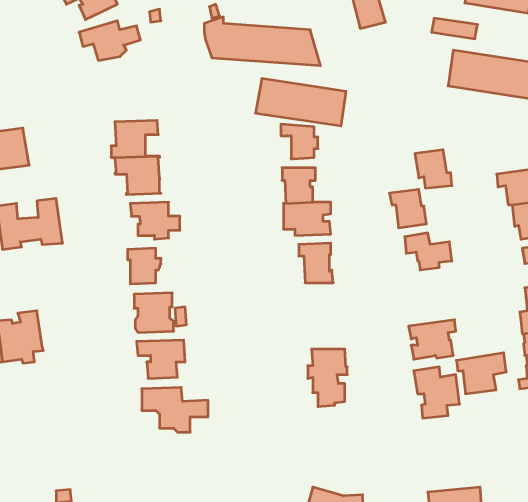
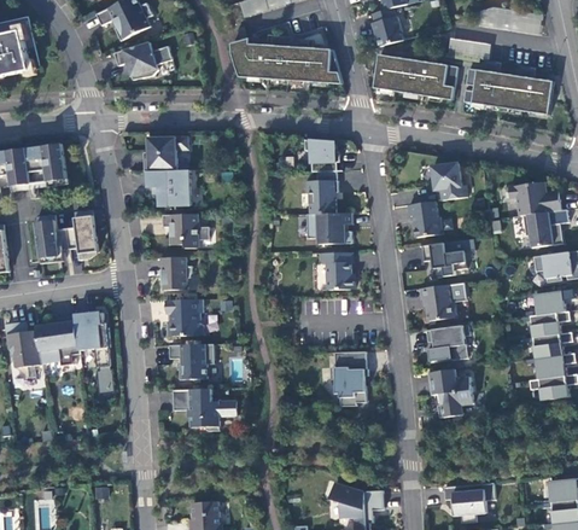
building: [255,79,346,126] -> [375,56,461,100]
building: none -> [74,310,115,394]
building: [456,353,506,394] -> [419,281,466,320]

